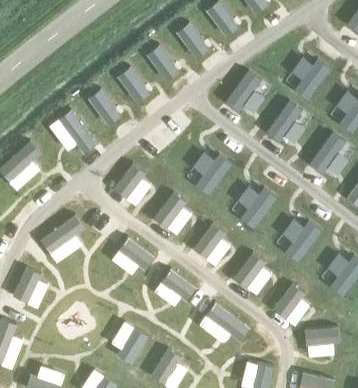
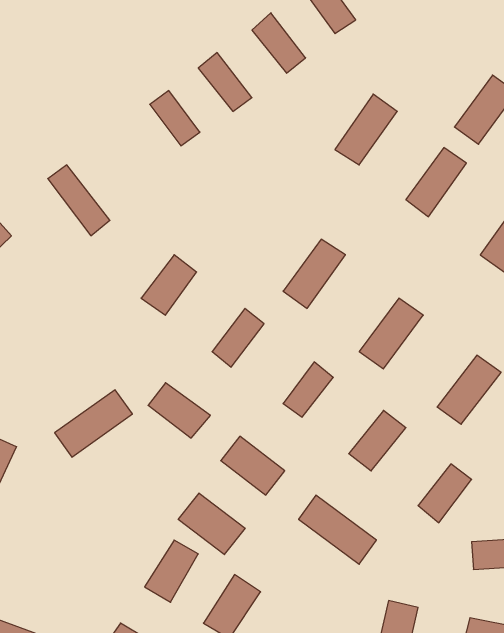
building: [88,89,120,124] -> none
building: [40,215,85,254] -> [55,390,132,457]
building: none -> [178,493,245,555]

